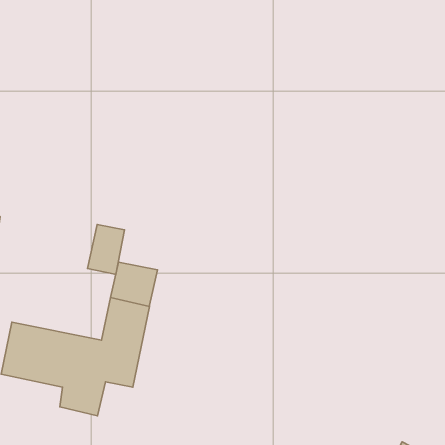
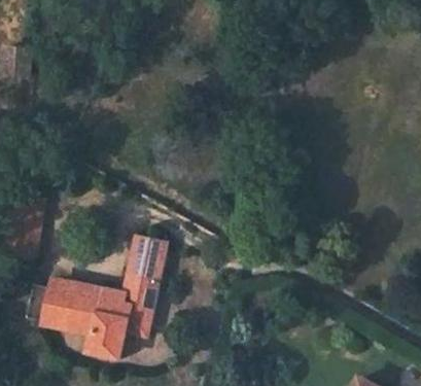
building: [87,225,124,275] -> none

